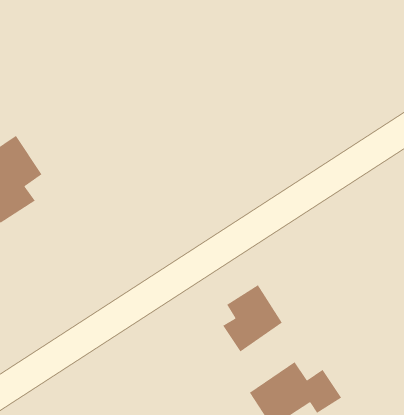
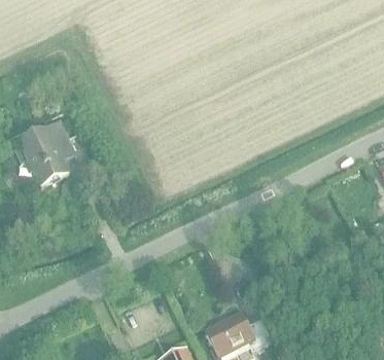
building: [222,284,283,352] -> none

